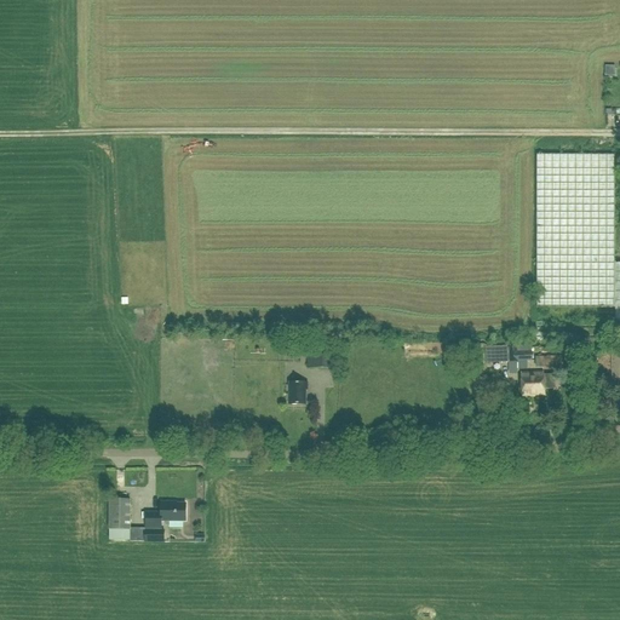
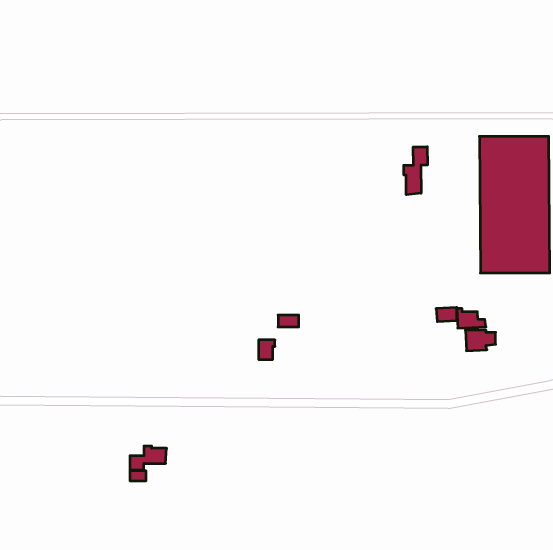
building: none -> [404,147,427,195]
building: [109,496,130,527] -> none

